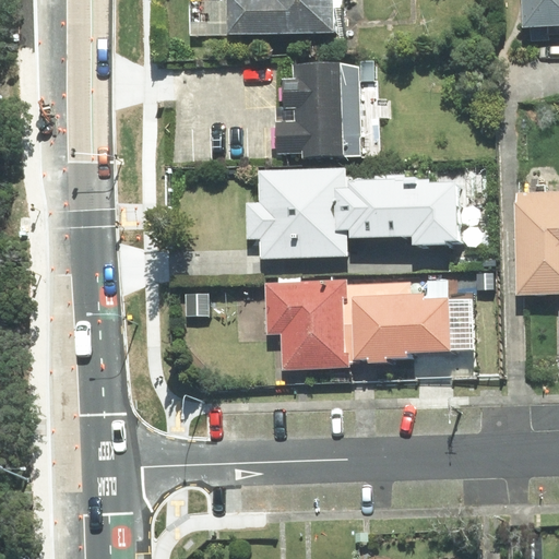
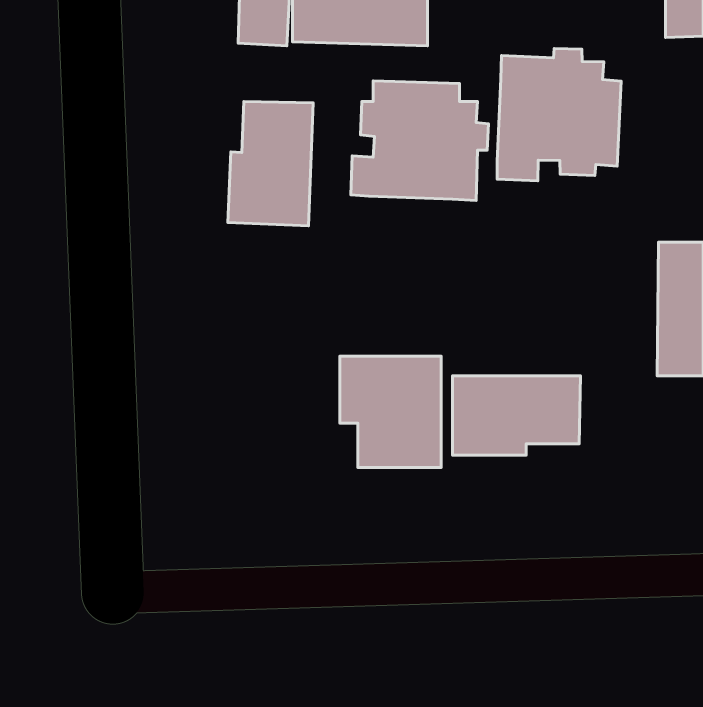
building: none -> [497,48,621,181]
building: none -> [228,102,313,226]
building: [251,166,464,262] -> none

